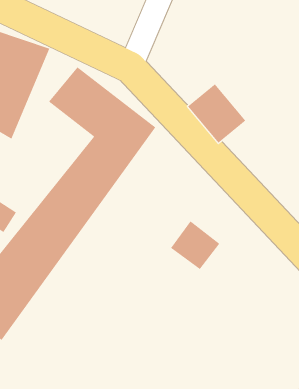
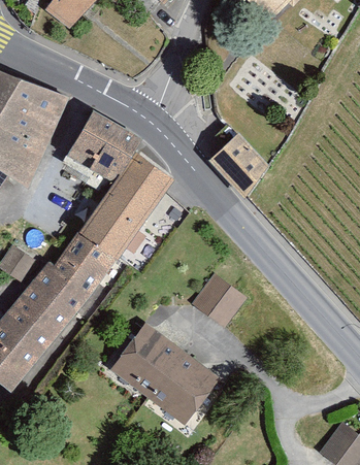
building: none -> [111,322,220,421]

